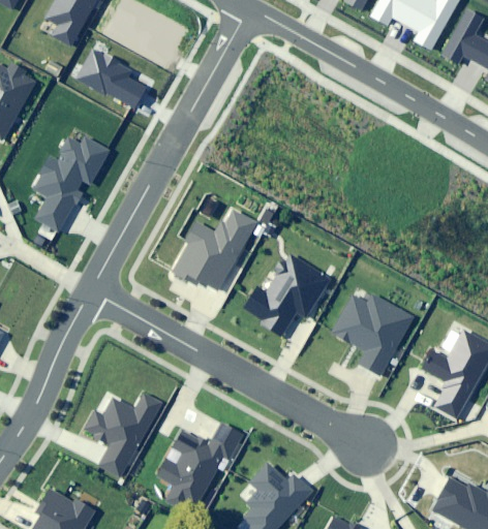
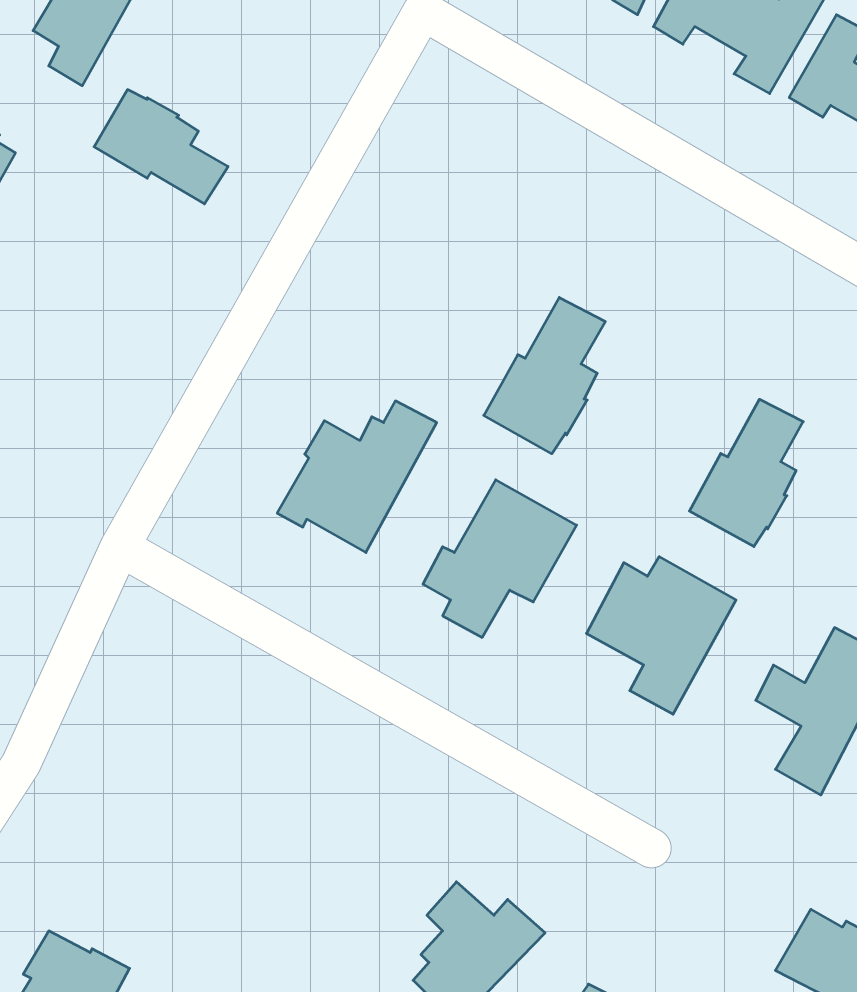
building: [34,136,109,229] -> none
building: none -> [484,297,605,454]
building: none -> [689,399,803,547]
building: [85,393,161,477] -> none
building: [156,423,243,515] -> none

